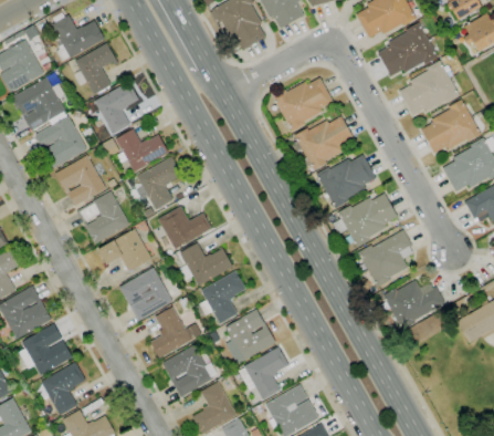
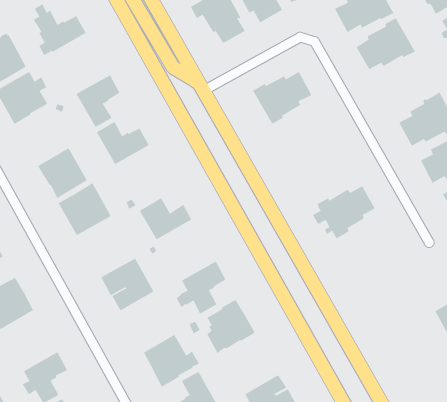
building: [74,43,119,94] -> none
building: [399,61,460,115] -> none
building: [35,114,88,168] -> none
building: [293,116,355,170] -> none
building: [316,155,377,208] -> none
building: [136,157,182,210] -> none
building: [98,229,153,271] -> none
building: [358,230,413,287] -> none
building: [179,243,233,286] -> none
building: [381,280,445,331] -> none
building: [151,308,191,357] -> none
building: [22,323,73,375] -> none
building: [239,346,290,401] -> none

